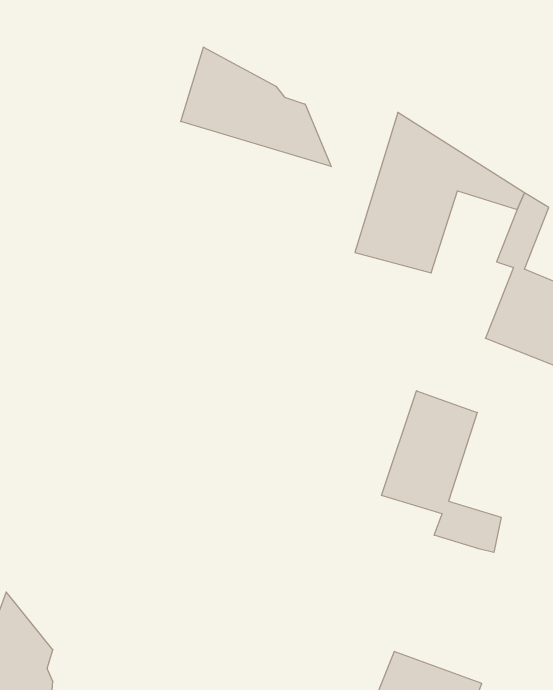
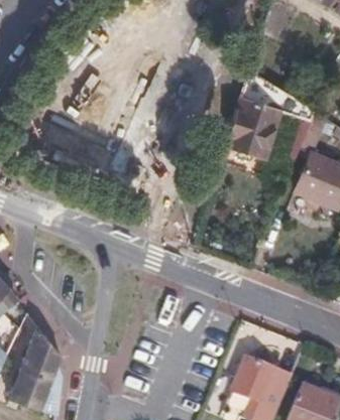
building: [181,47,331,167] -> none
building: [382,391,501,552] -> none

